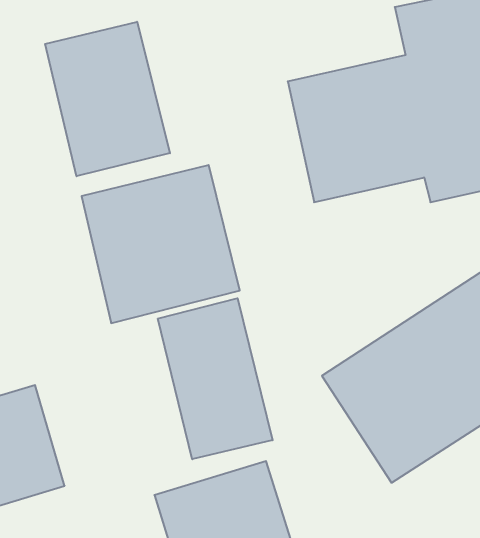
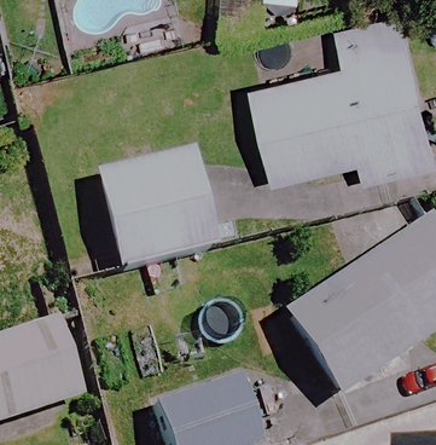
building: [45,22,170,176] -> none
building: [158,298,273,459] -> none

